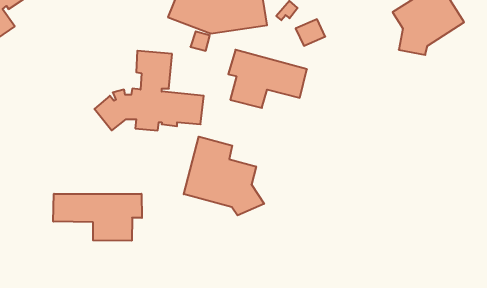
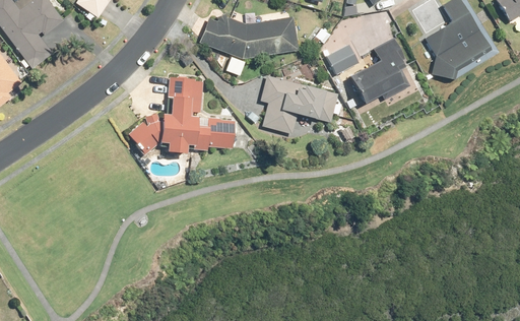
building: none -> [350,37,410,103]
building: [184,137,264,215] -> none
building: [53,194,142,241] -> none

